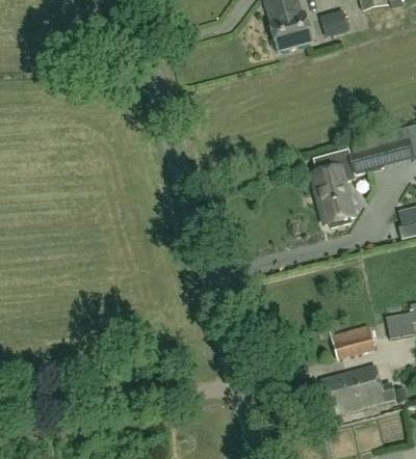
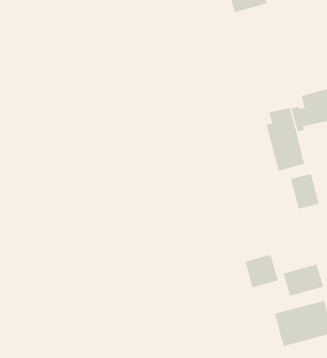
building: none -> [290,173,319,210]
building: none -> [245,254,278,288]

